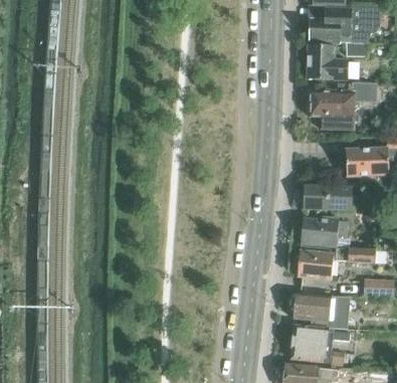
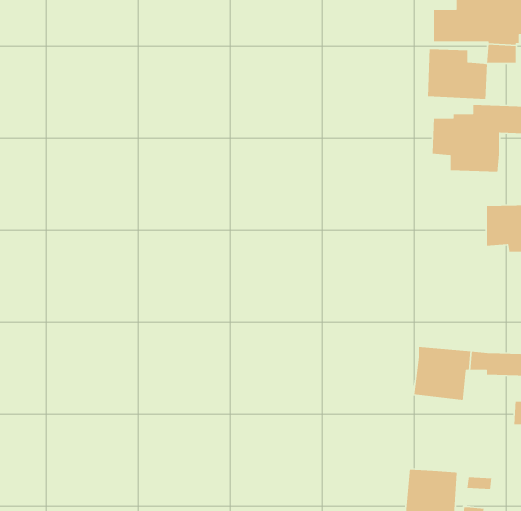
building: [304,187,353,210] -> none
building: [302,216,349,246] -> none
building: [294,294,346,328] -> none

